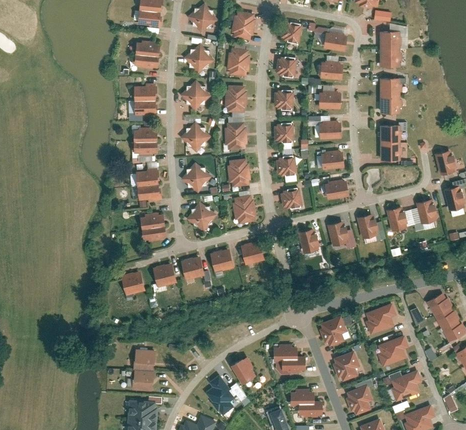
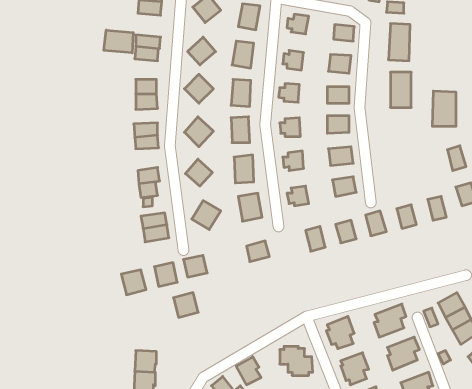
building: none -> [104,30,133,53]
building: [379,125,402,159] -> [432,91,456,126]
building: [211,248,235,272] -> [173,293,198,317]

